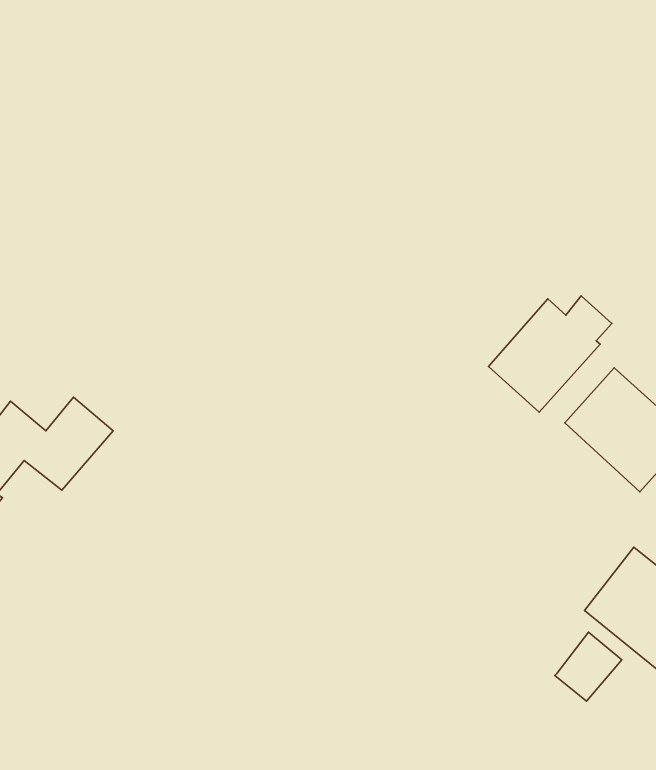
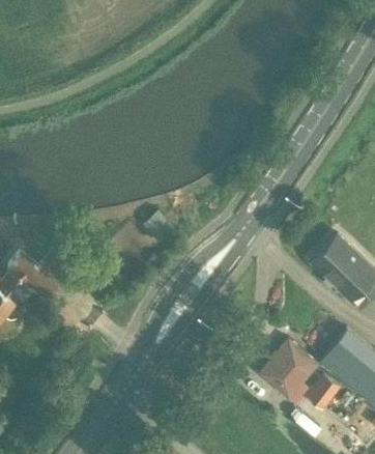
building: [488,296,612,412] -> none
building: none -> [259,339,320,400]

